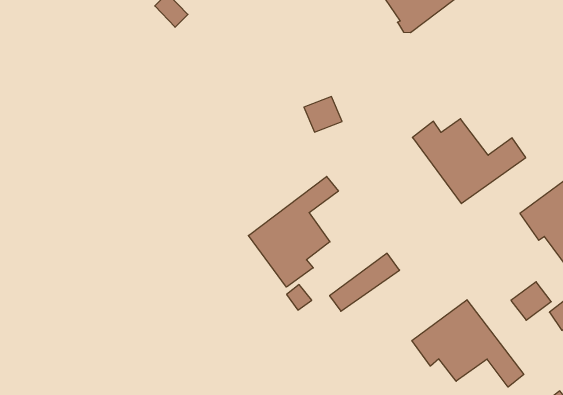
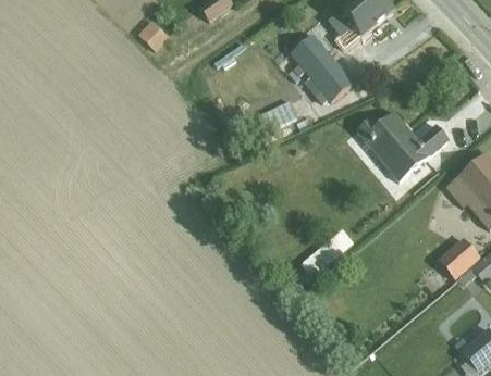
building: none -> [289,35,353,102]
building: [248,176,338,287] -> none
building: [412,300,524,387] -> none

